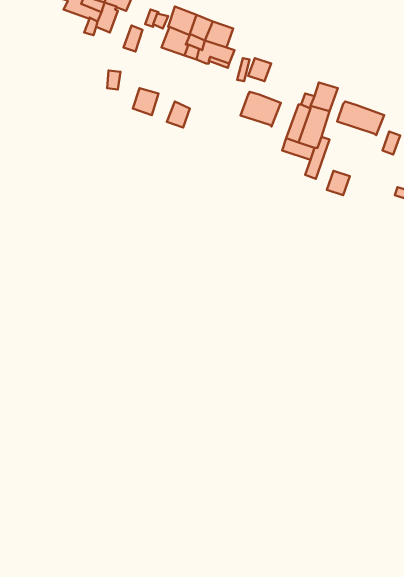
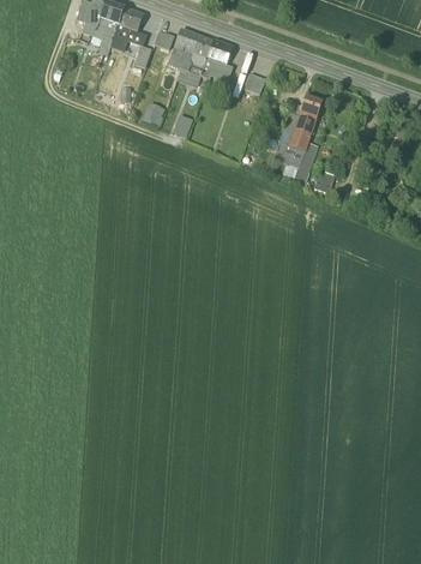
building: [241,92,281,127] -> none
building: [337,101,384,135] -> none

